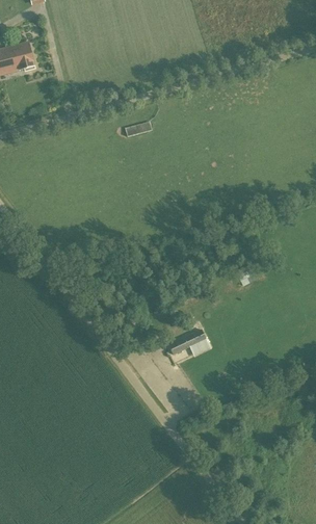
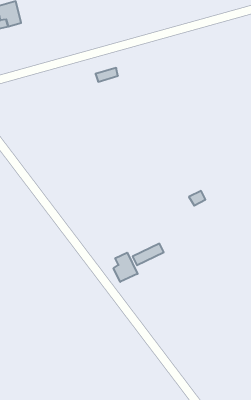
building: none -> [114,253,138,282]

